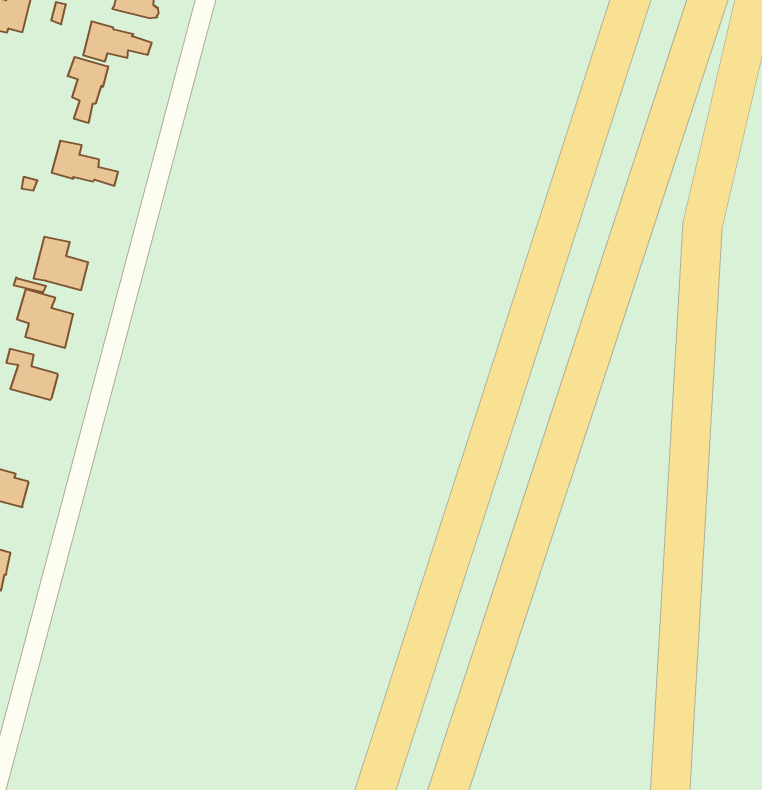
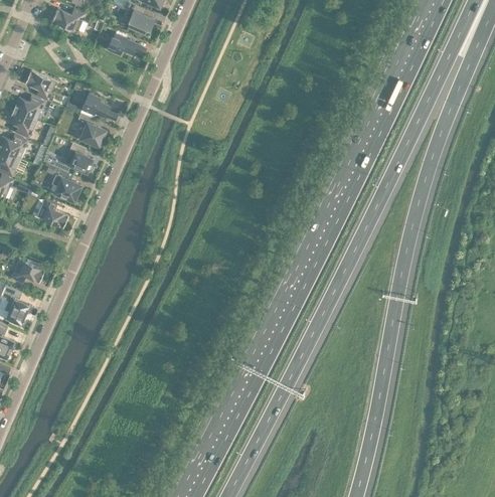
building: [68,57,108,123] -> none
building: none -> [76,112,105,145]

